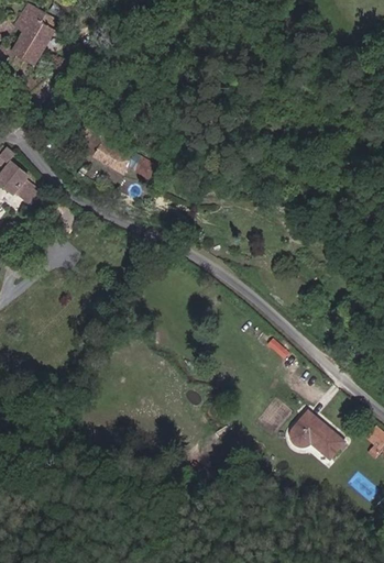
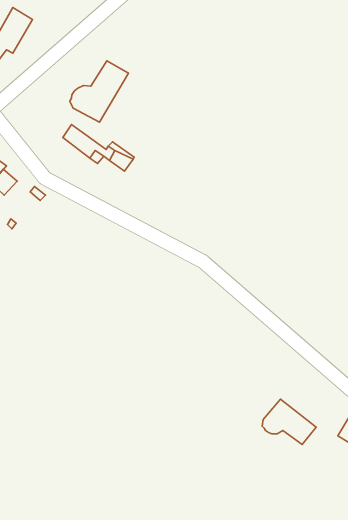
building: none -> [70,61,128,122]

